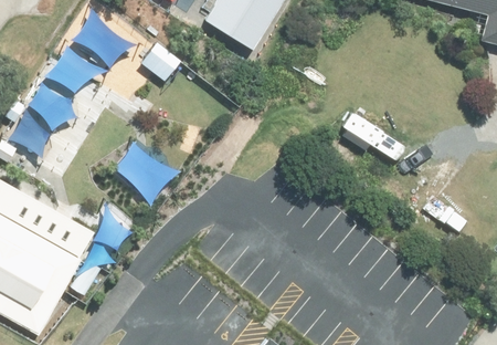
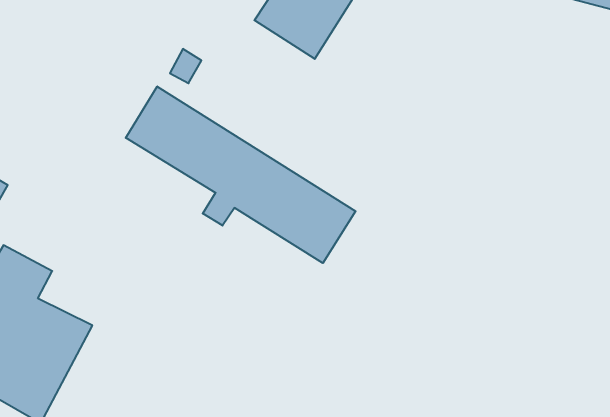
building: none -> [126,86,356,263]

